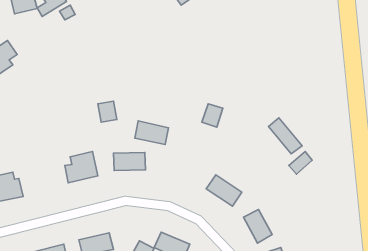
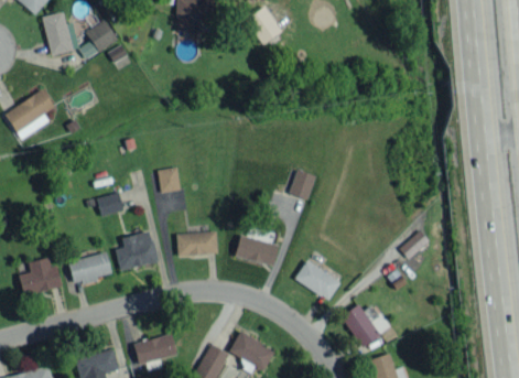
building: [269,118,302,154] -> none
building: [135,121,169,144] -> [235,235,278,264]
building: none -> [96,192,125,216]
building: none -> [68,252,111,285]

